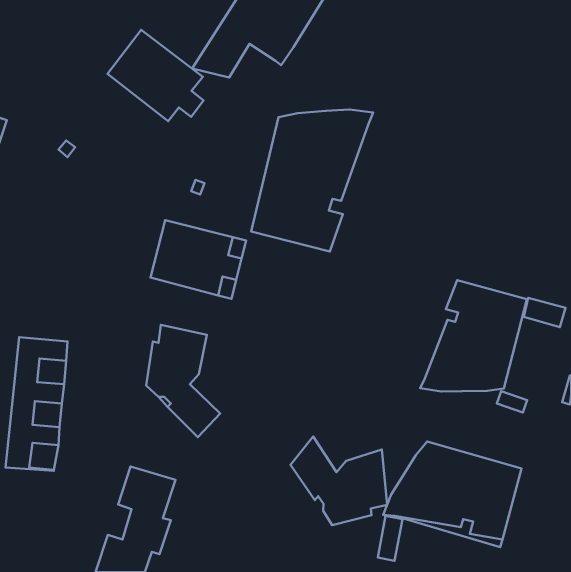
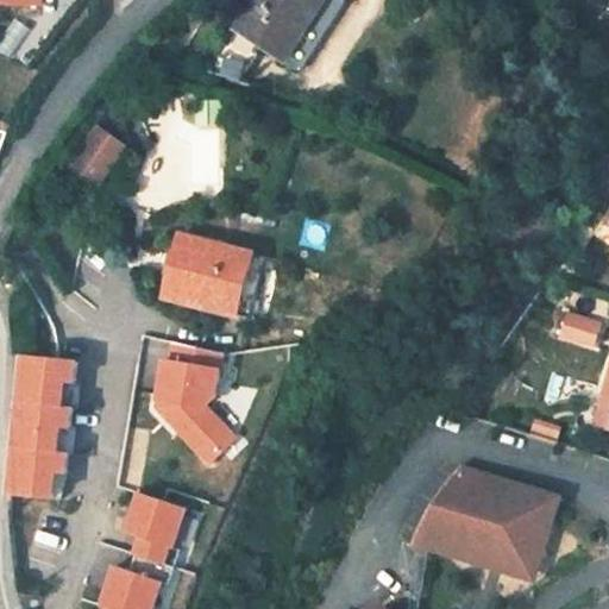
building: [107,30,204,121] -> none
building: [251,109,373,251] -> none
building: none -> [71,120,118,167]
building: [420,280,527,392] -> none
building: [290,437,387,525] -> none

